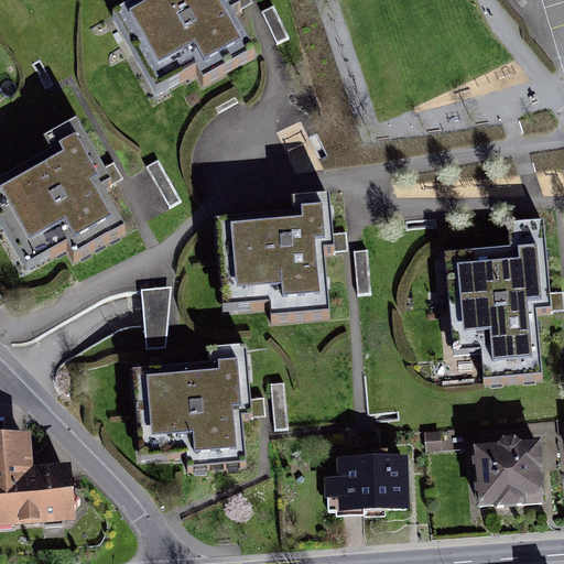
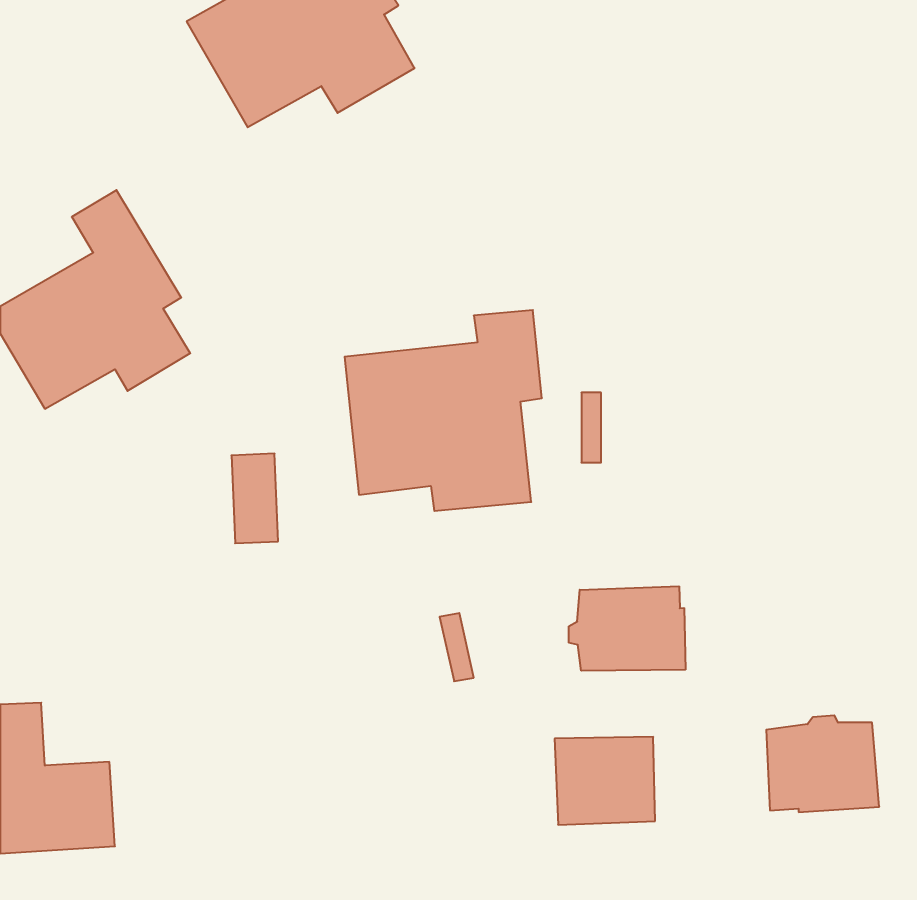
building: [445,219,550,373] -> none
building: [129,340,250,464] -> none
building: none -> [569,586,685,671]

